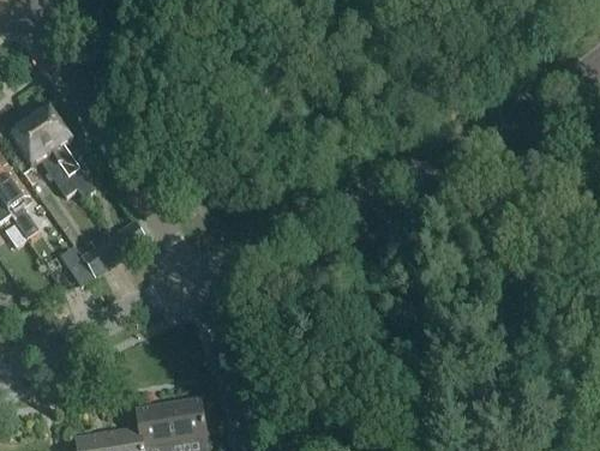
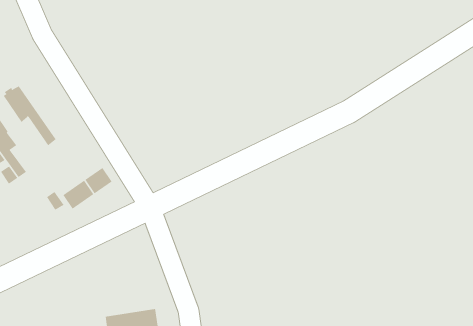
building: [30,106,95,197] -> none

